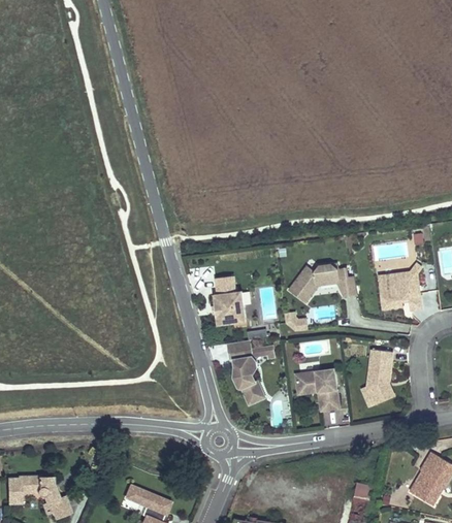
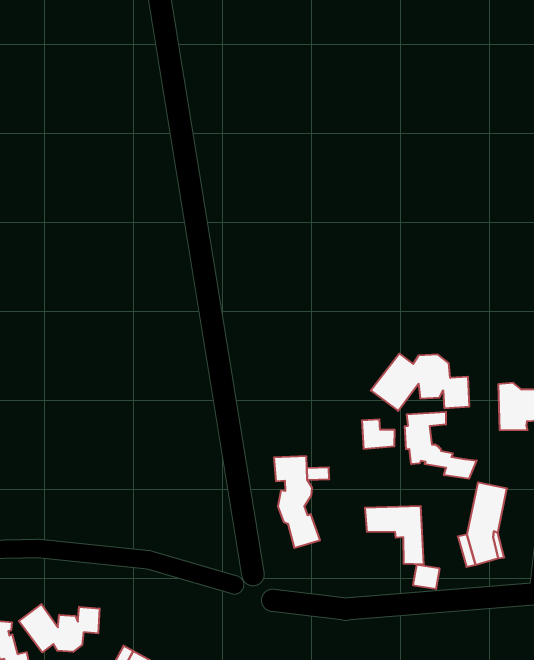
building: [213,276,244,325] -> none
building: none -> [405,412,477,479]
building: none -> [19,604,100,652]

